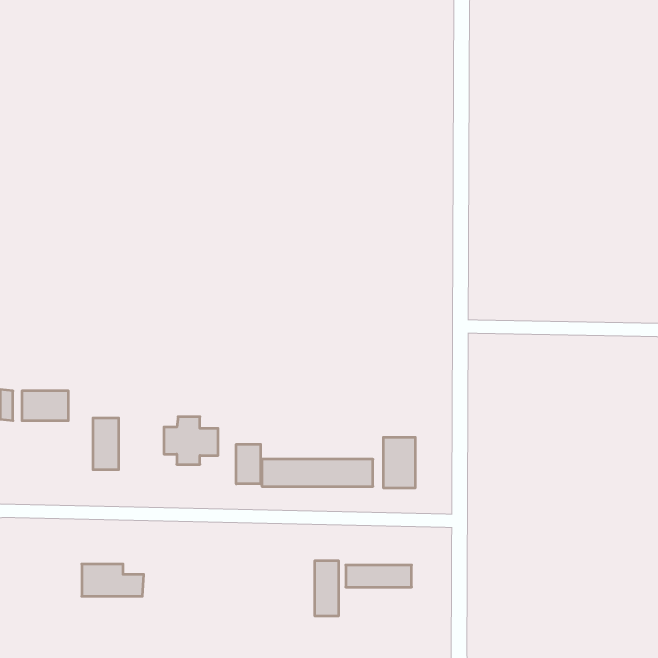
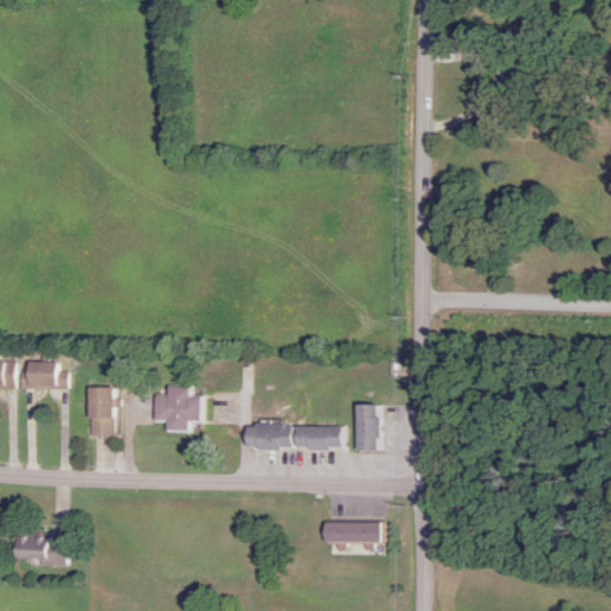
building: [236,444,261,484] -> none
building: [315,561,338,616] -> none
building: [82,564,144,596] -> [12,532,69,562]

